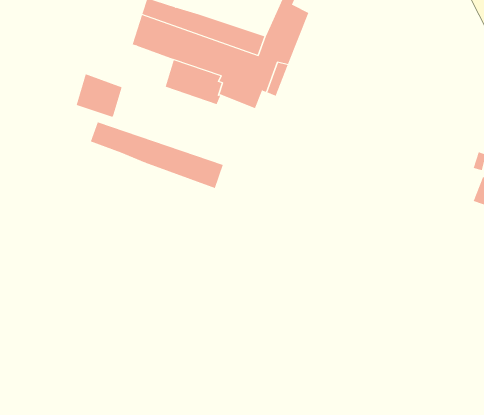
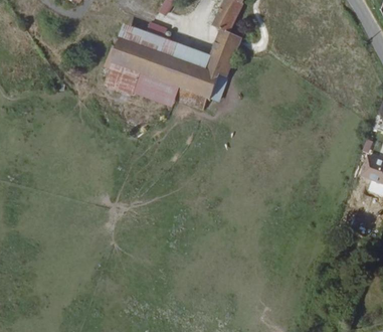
building: [76,74,122,118] -> [108,61,142,94]
building: [90,121,223,189] -> none

